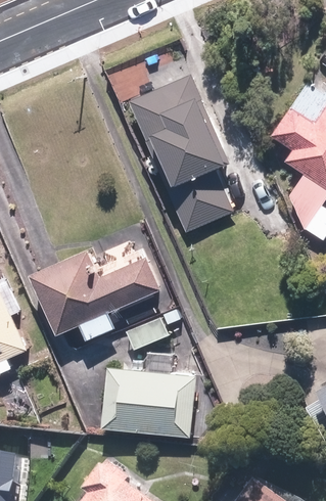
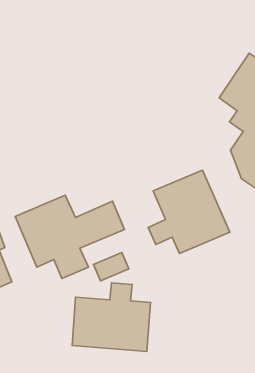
building: [131,74,232,233] -> none
building: none -> [148,170,230,253]

